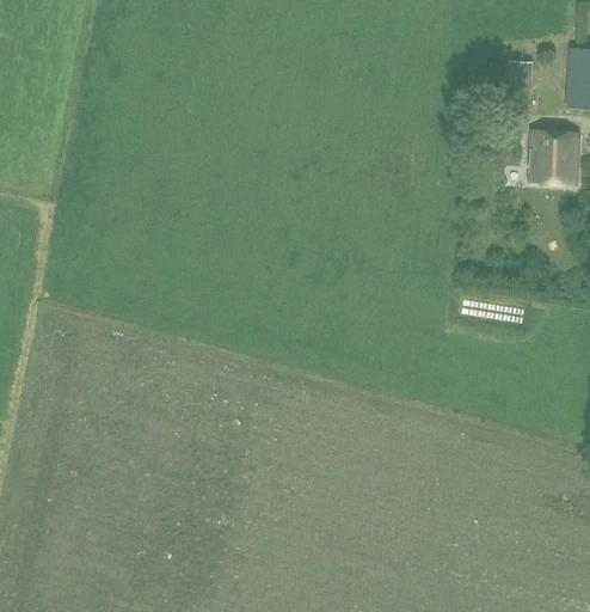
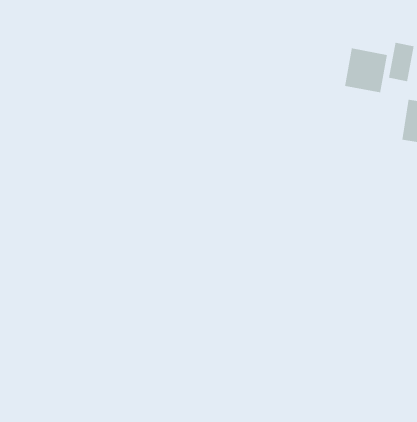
building: none -> [345,48,388,93]

